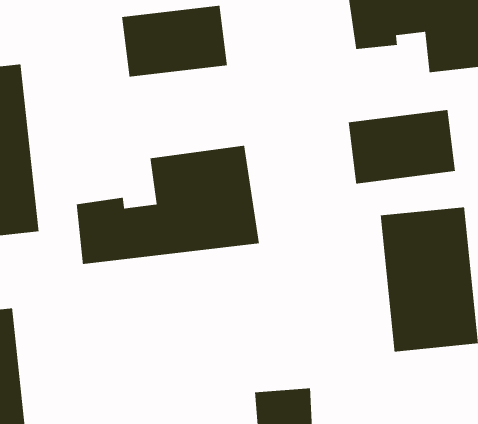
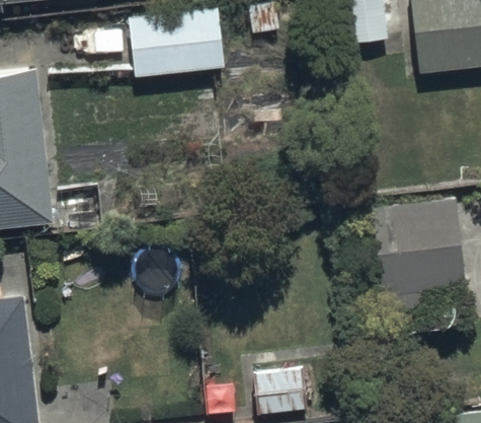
building: [348,109,456,184] -> none
building: [76,145,260,265] -> none

